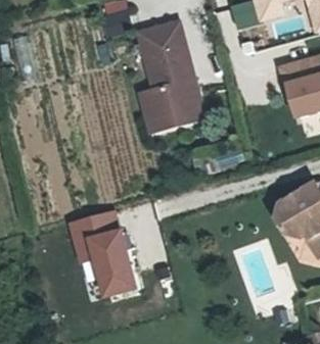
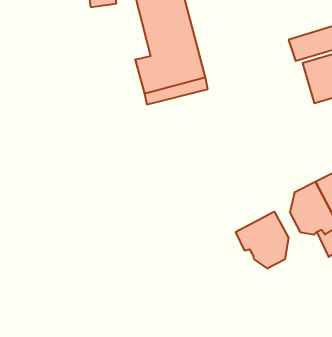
building: [65,209,131,295] -> none
building: none -> [236,212,288,269]

